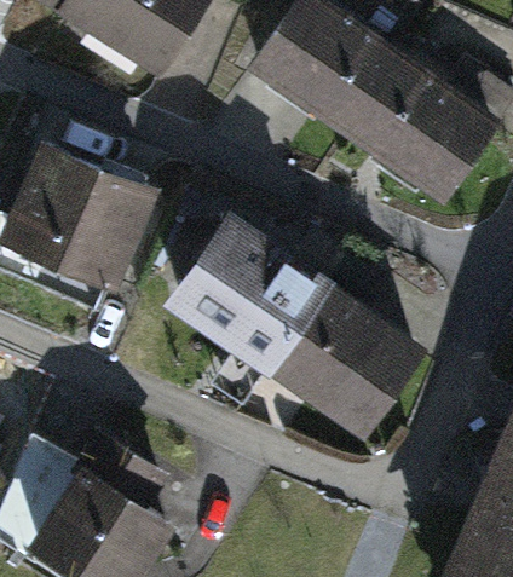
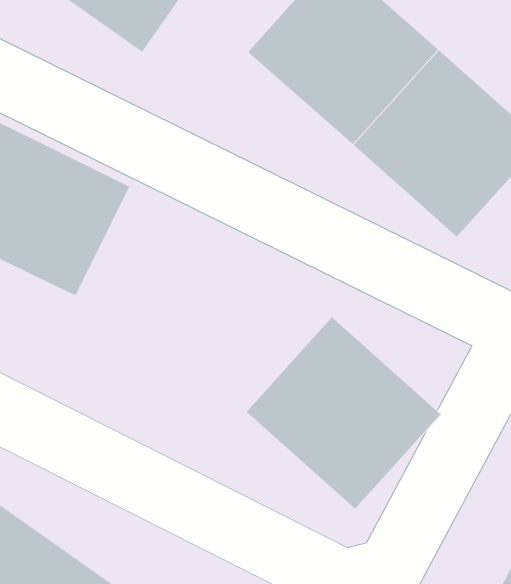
building: [172,210,330,367] -> none

